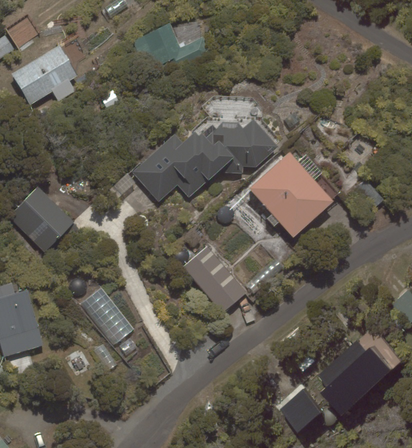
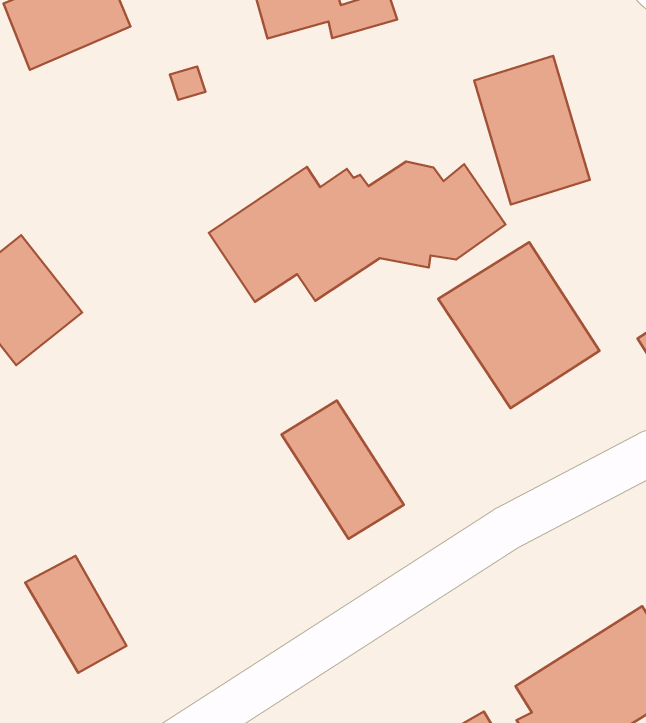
building: none -> [474,56,590,204]
building: [78,287,133,345] -> [25,556,127,673]

